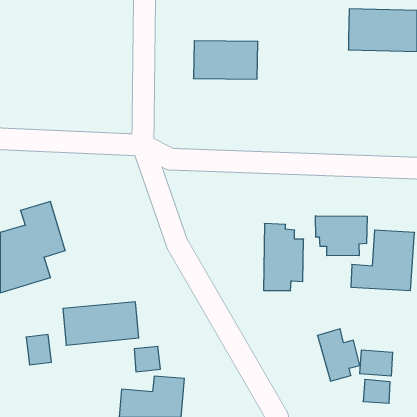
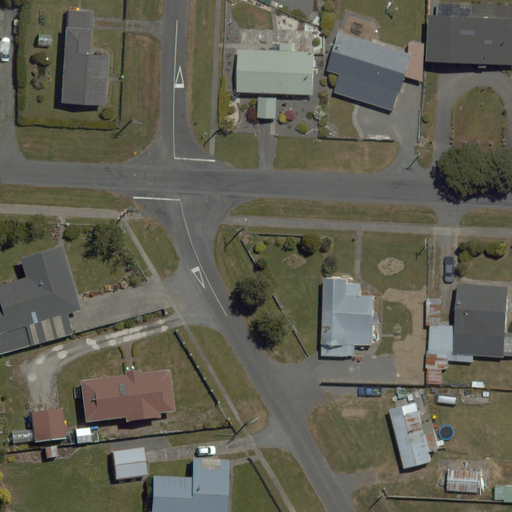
building: none -> [60,7,111,105]
building: none -> [331,32,427,114]
building: [316,216,367,256] -> none
building: [134,346,160,372] -> [111,450,143,481]
building: [360,350,393,376] -> none

